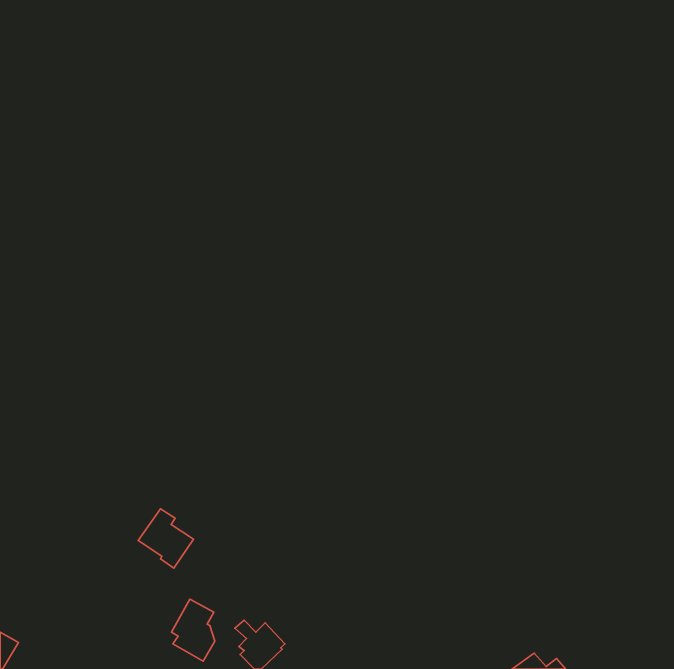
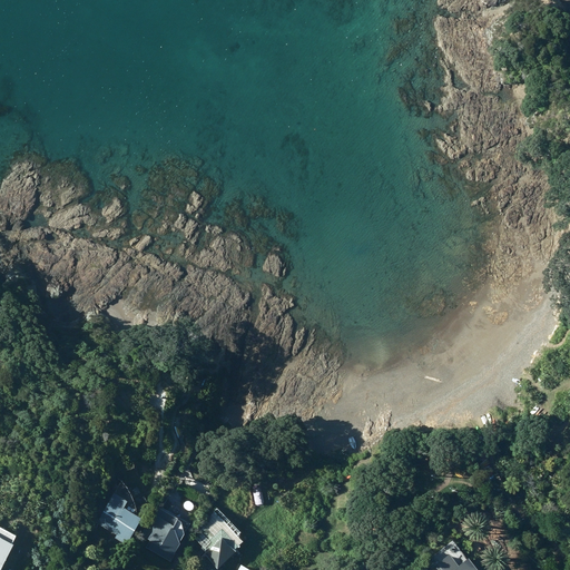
building: [138,509,194,568] -> [98,492,145,542]

